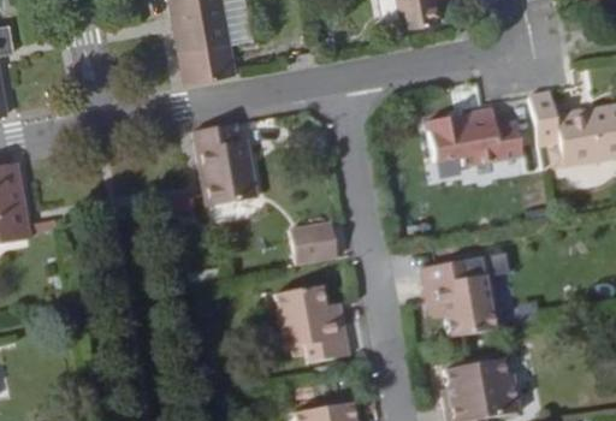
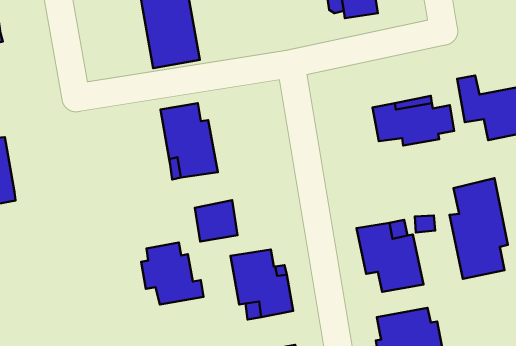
building: none -> [449,178,508,279]
building: [291,219,339,266] -> [195,200,237,242]
building: none -> [141,242,203,304]

